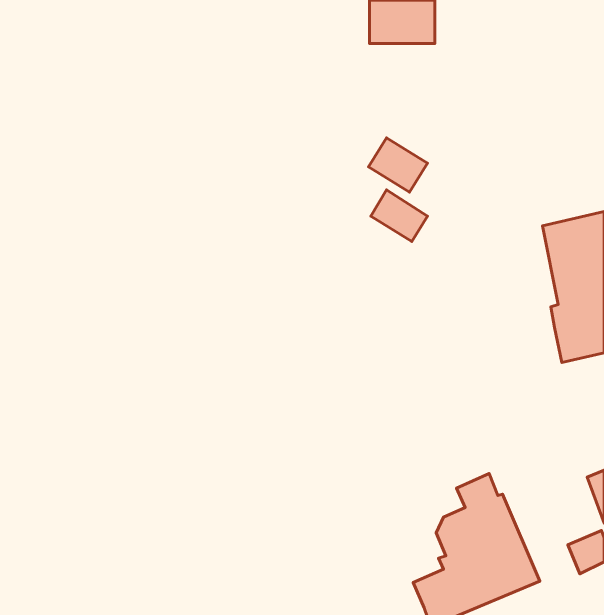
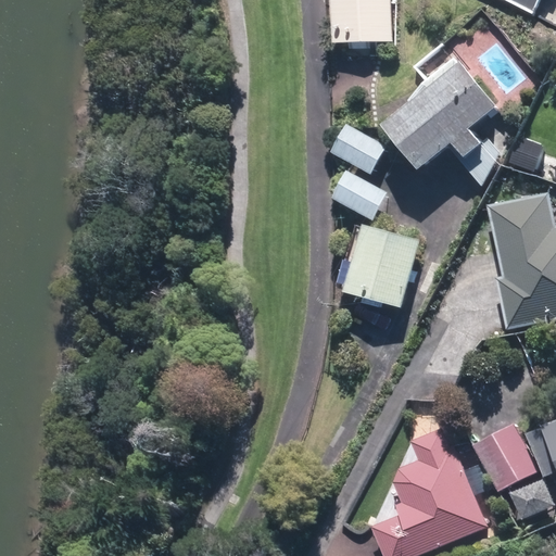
building: none -> [390,61,502,165]
building: none -> [349,228,418,304]
building: none -> [473,426,533,488]

